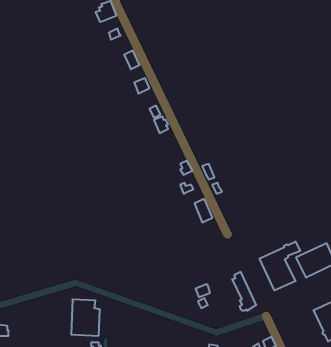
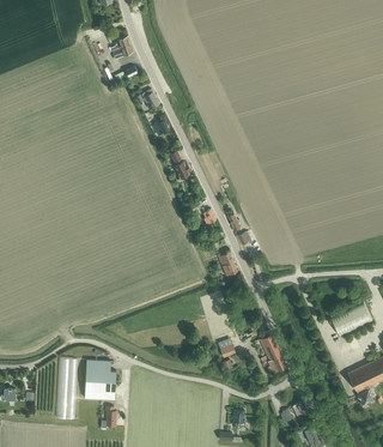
building: [260,242,300,290] -> none

